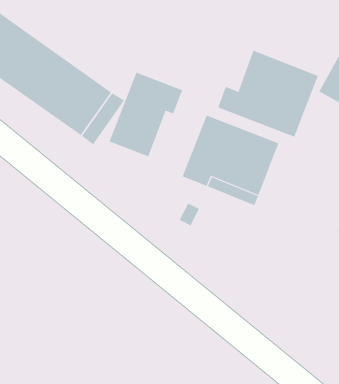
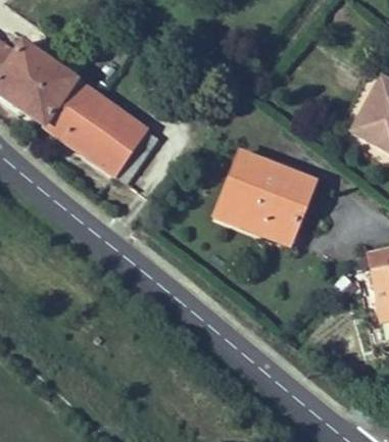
building: [217,50,319,138] -> none
building: [109,72,183,157] -> none

